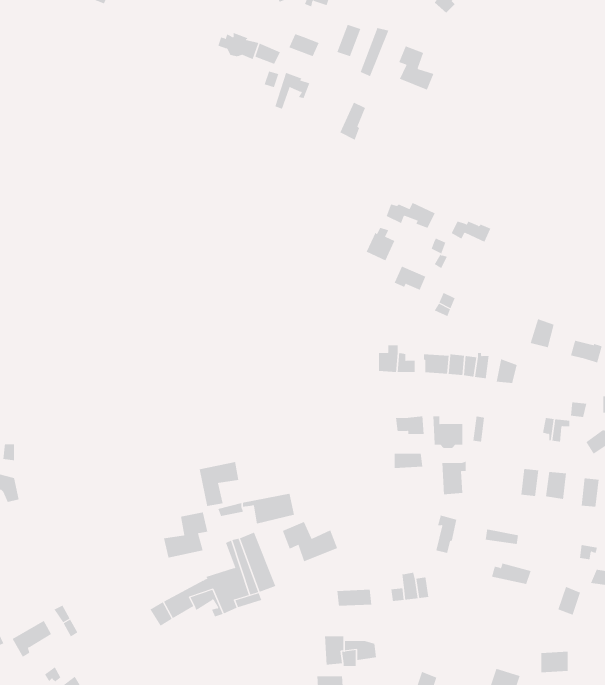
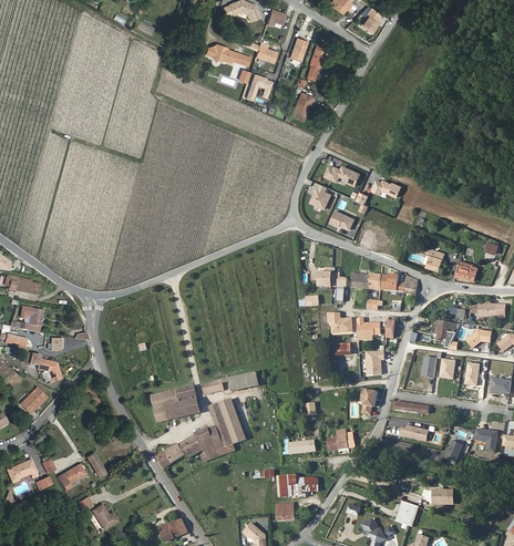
building: [398,46,434,90] -> none
building: [199,462,239,506] -> [151,390,179,422]
building: [282,521,338,562] -> none

